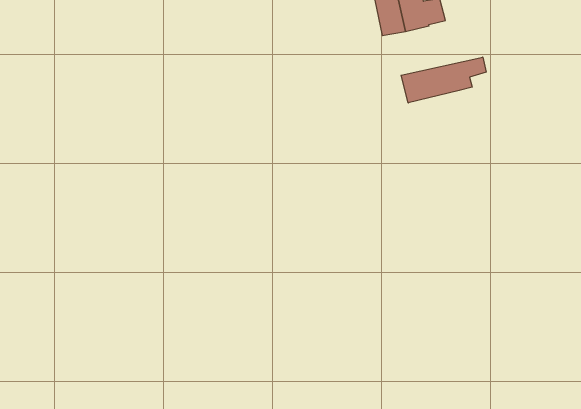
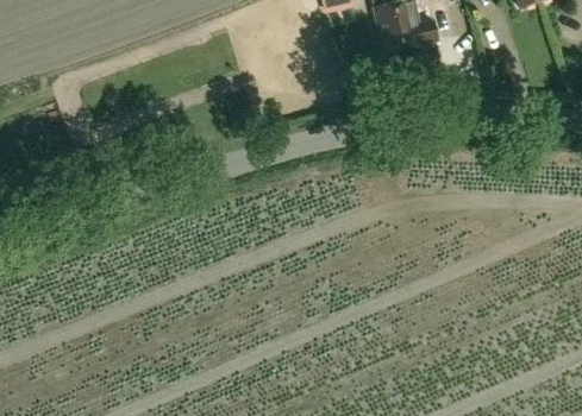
building: [401,57,486,103] -> none

